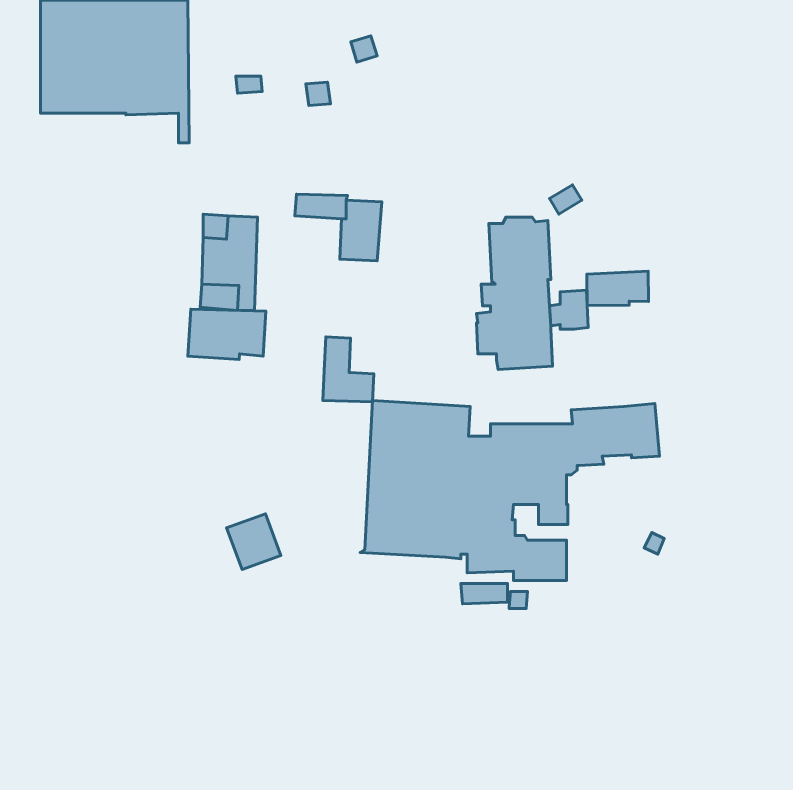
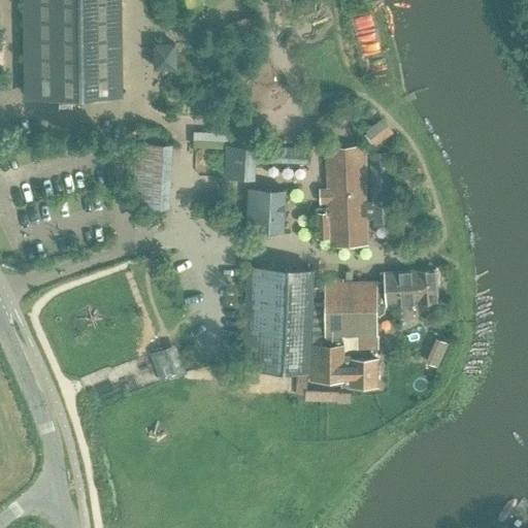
building: none -> [27,77,119,98]
building: [587,271,649,306] -> none
building: [188,309,266,360] -> none
building: [323,337,374,402] -> [246,190,280,233]

